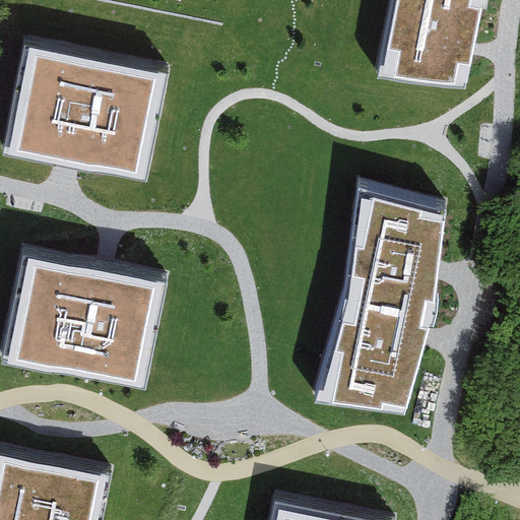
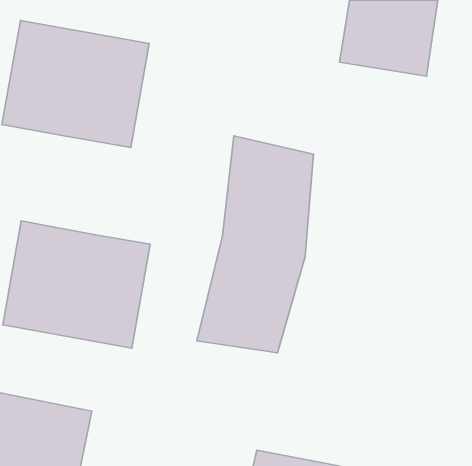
building: [315,175,443,412] -> [197,136,314,353]

